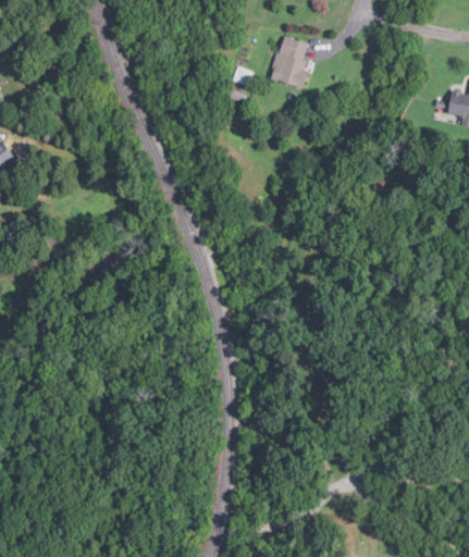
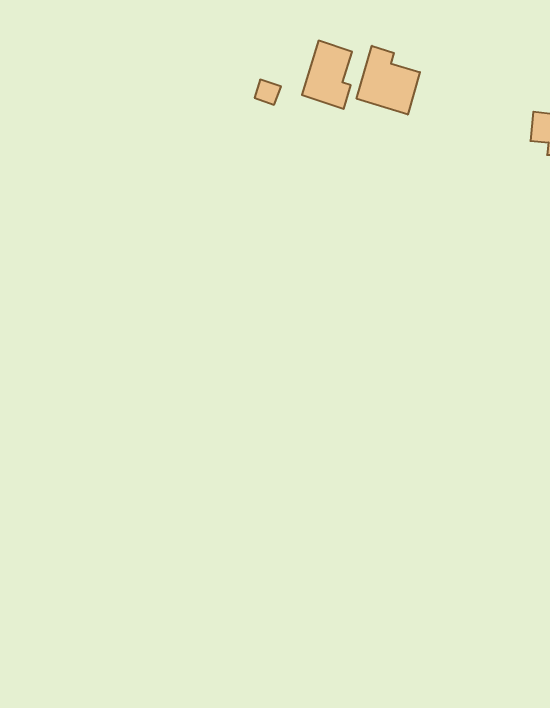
building: none -> [357,46,420,115]

